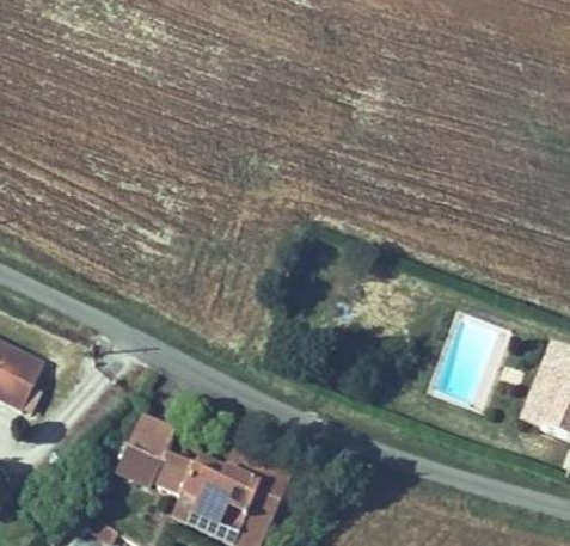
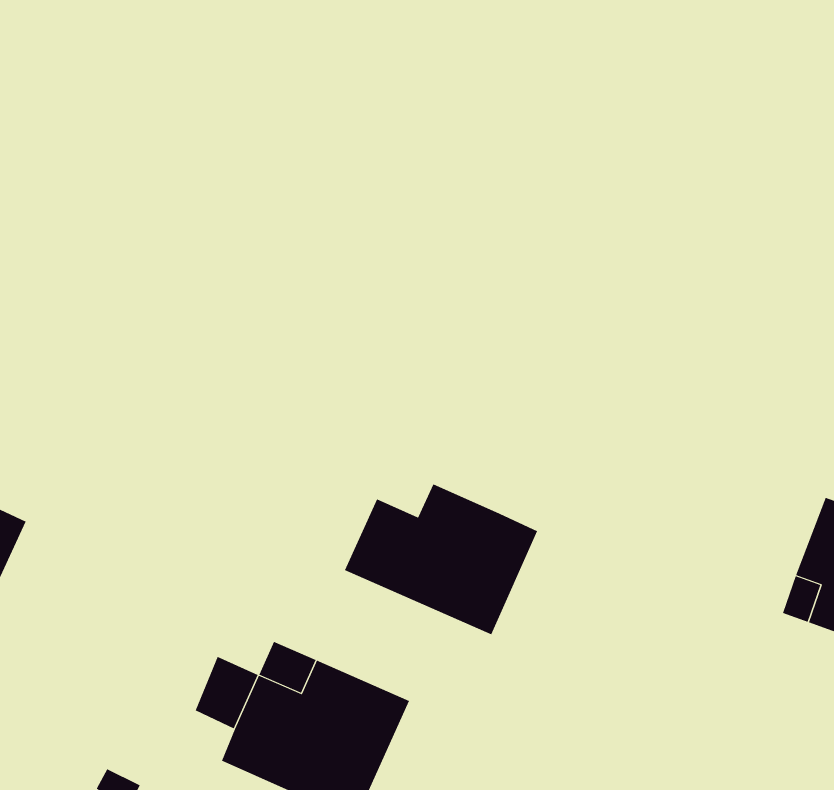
building: none -> [344,484,538,635]
building: [115,413,177,490] -> none

